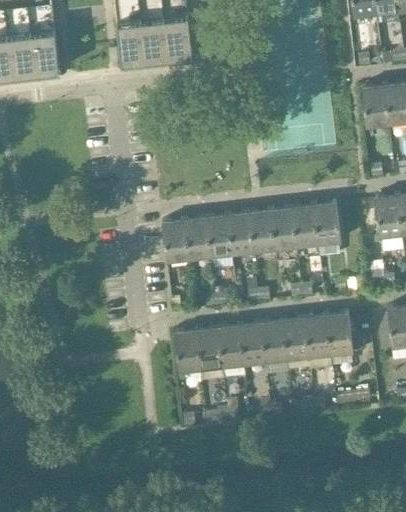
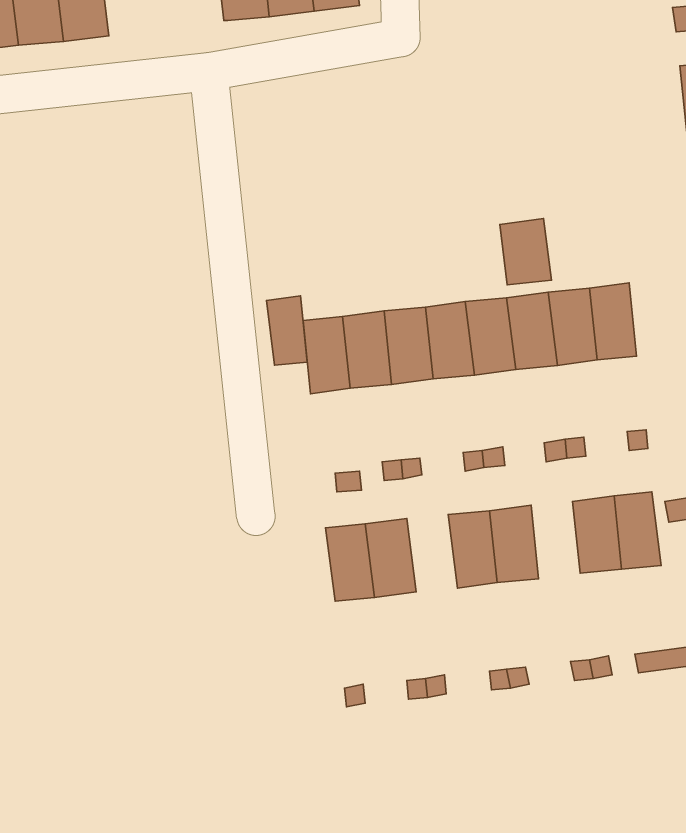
building: none -> [500,218,552,285]
building: none -> [267,296,307,365]
building: [283,319,309,360] -> none
building: [217,326,245,377] -> none

